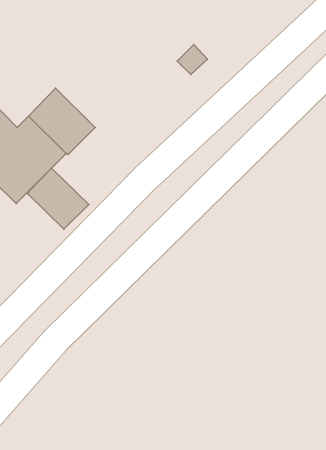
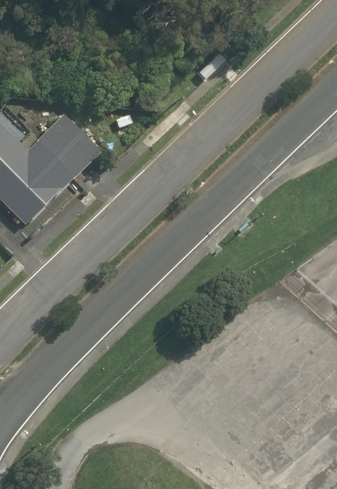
building: [27,168,89,229] -> none

